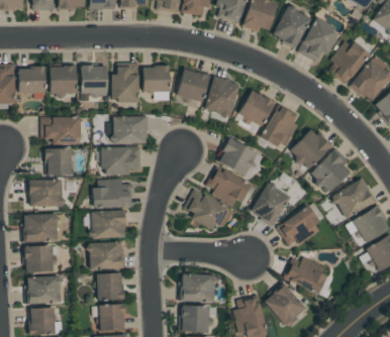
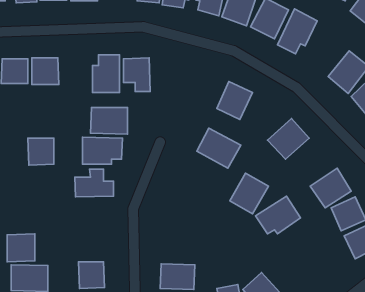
building: [331,38,369,83] -> none
building: [80,66,107,94] -> none
building: [176,69,209,105] -> none
building: [204,78,239,116] -> none
building: [263,105,298,149] -> none
building: [41,117,81,144] -> none
building: [311,152,352,192] -> none
building: [205,165,250,205] -> none
building: [28,180,63,208] -> none
building: [184,190,234,230] -> none
building: [91,211,125,238] -> none
building: [23,214,64,242] -> none
building: [88,242,123,270] -> none
building: [284,256,327,295] -> none

